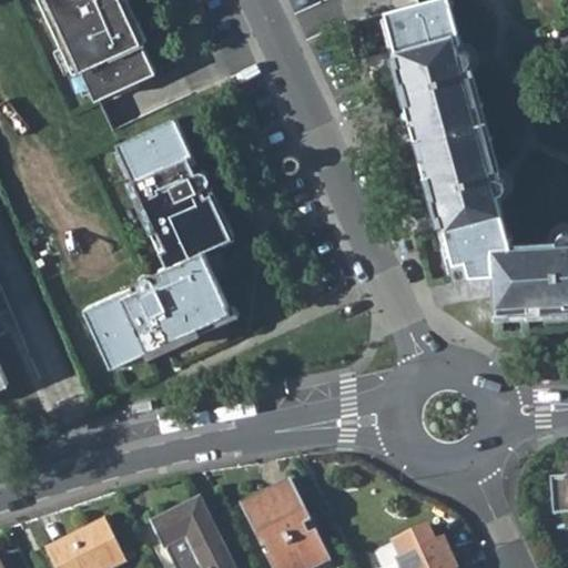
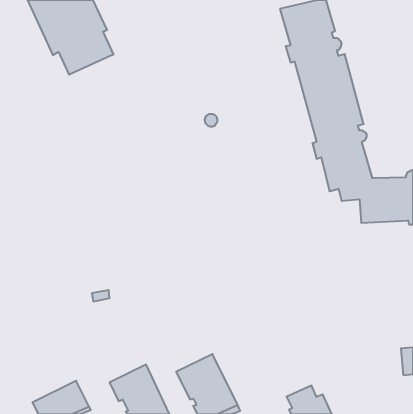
building: [85,118,233,366] -> none

